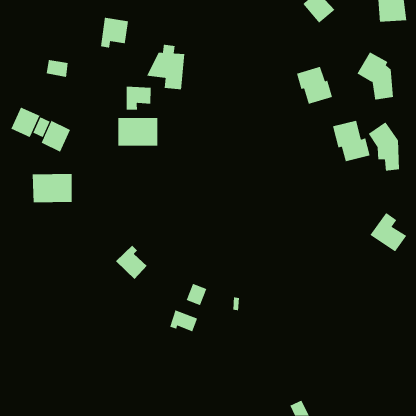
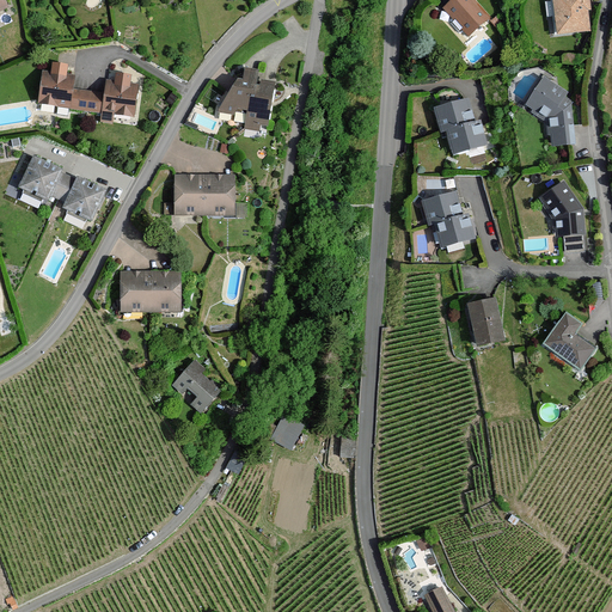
building: [100,17,129,48] -> [97,79,139,124]
building: none -> [35,69,73,108]
building: [126,86,151,111] -> none
building: [332,120,371,162] -> [421,185,477,246]
building: [32,173,73,203] -> [117,269,177,312]
building: none -> [466,296,504,345]
building: [170,310,198,332] -> none

